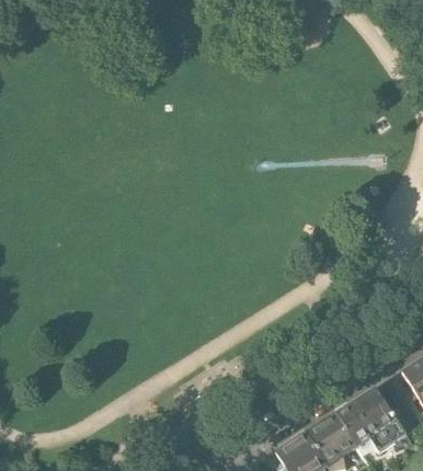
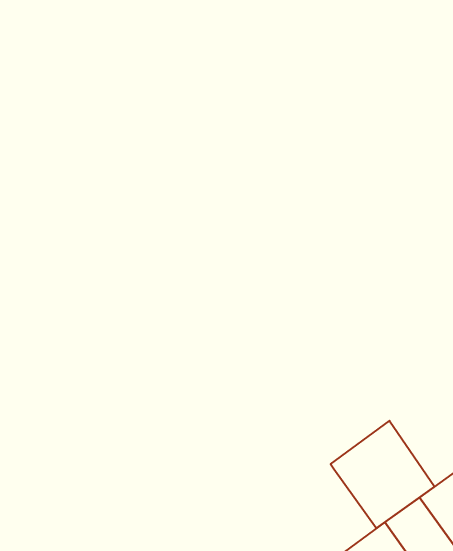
building: none -> [331,421,435,528]

